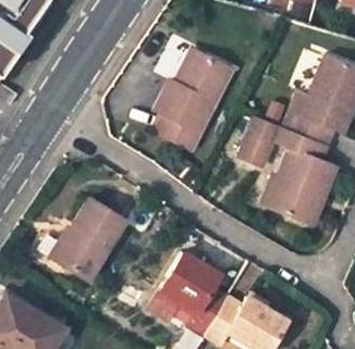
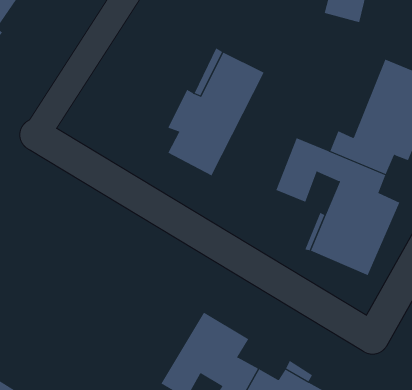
building: [53,195,128,278] -> none

